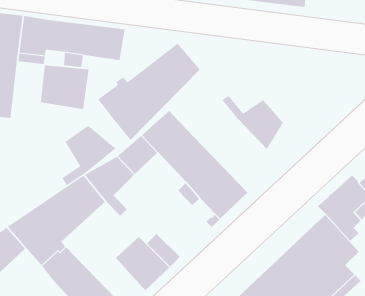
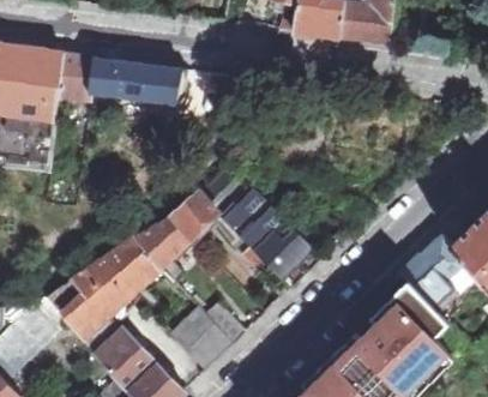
building: [97,43,200,141] -> none
building: [40,65,89,110] -> none
building: [222,95,284,150] -> none
building: [62,125,117,186] -> none

